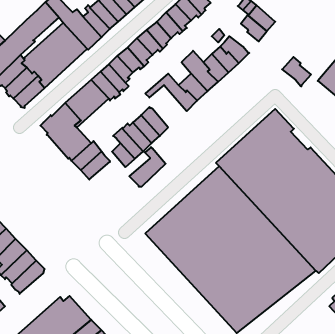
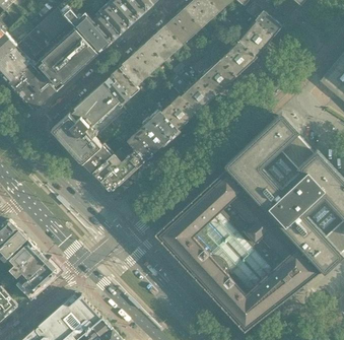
building: [282,57,311,86] -> [236,29,265,58]
building: none -> [158,96,195,131]
building: [129,147,166,187] -> [99,153,135,192]

